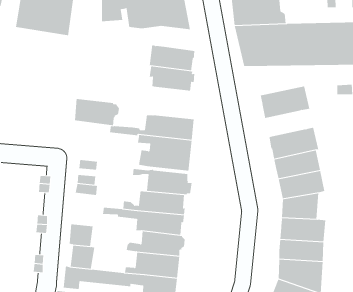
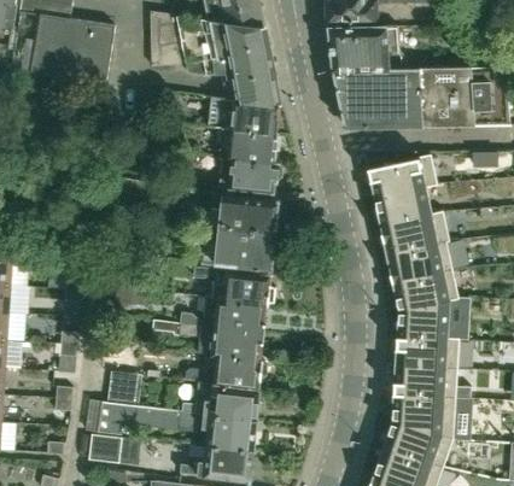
building: none -> [233,72,280,106]
building: [74,98,120,126] -> [220,156,282,193]
building: none -> [375,188,432,224]

